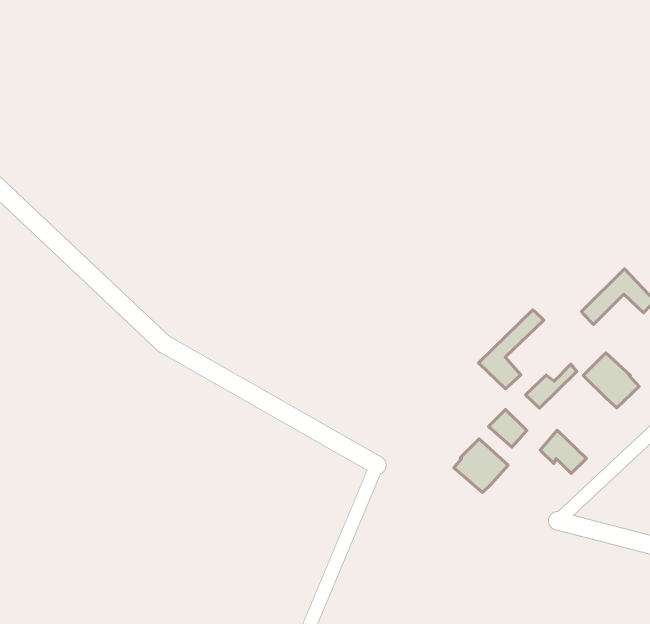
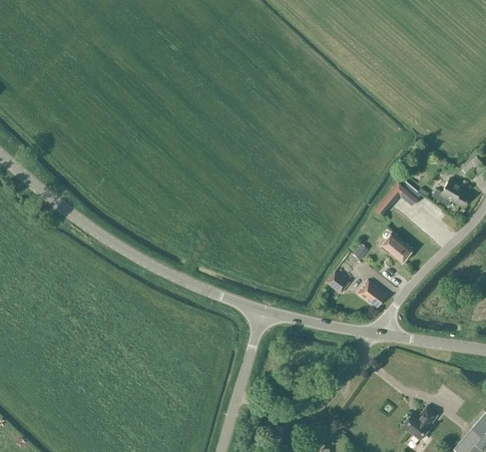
building: [479,310,544,389] -> none
building: [454,439,508,492] -> none

